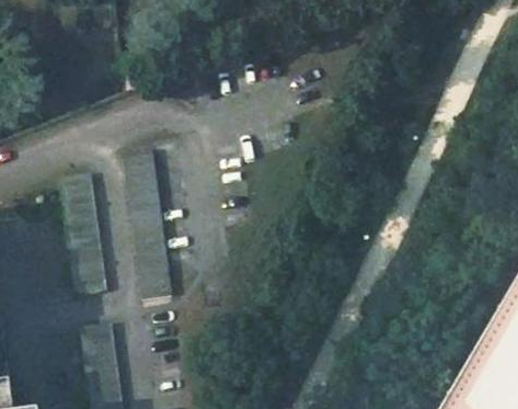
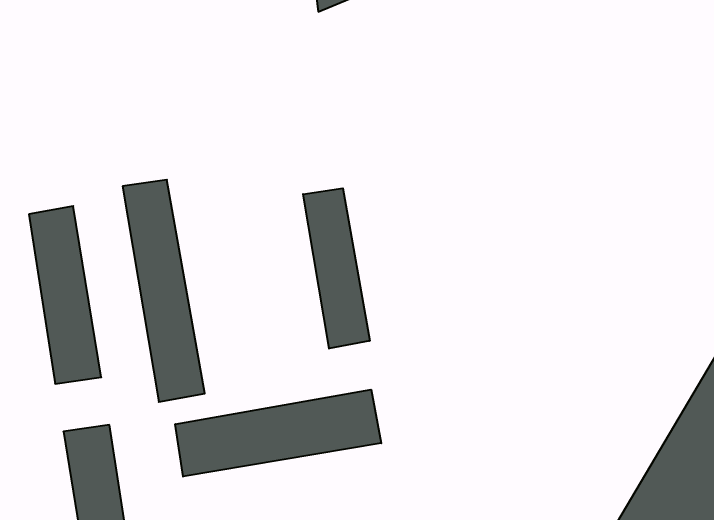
building: none -> [303,188,370,349]
building: none -> [175,390,381,477]

